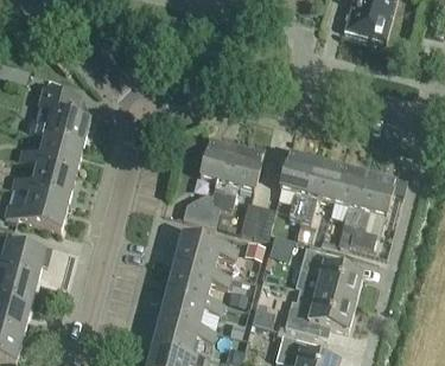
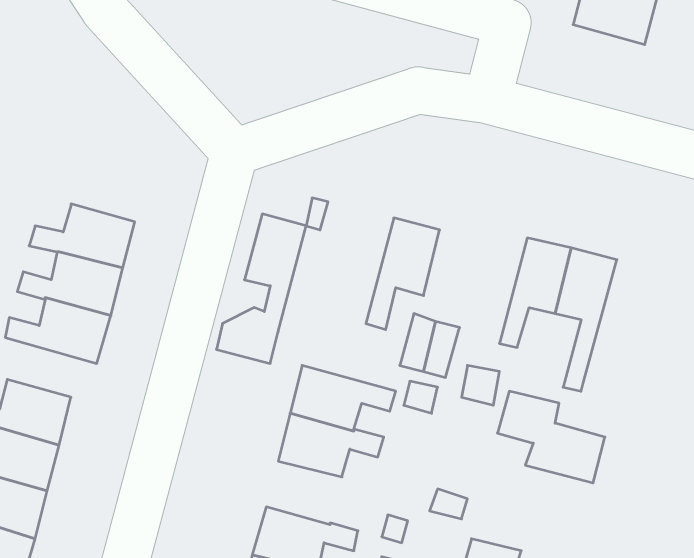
building: [26,86,89,147] -> none
building: [183,137,236,226] -> [216,214,306,363]
building: [279,149,316,219] -> none
building: [349,169,395,249] -> none
building: [160,289,223,327] -> none
building: [285,291,355,334] -> none

